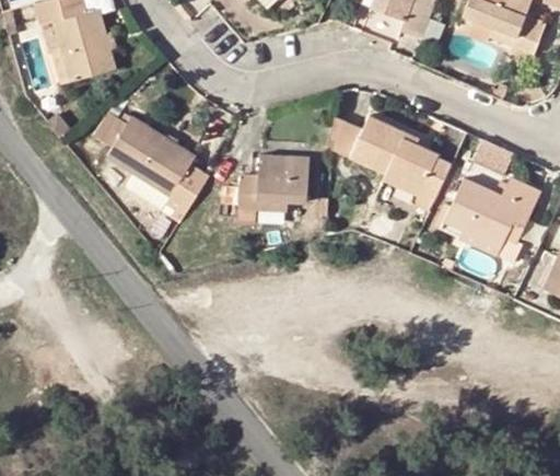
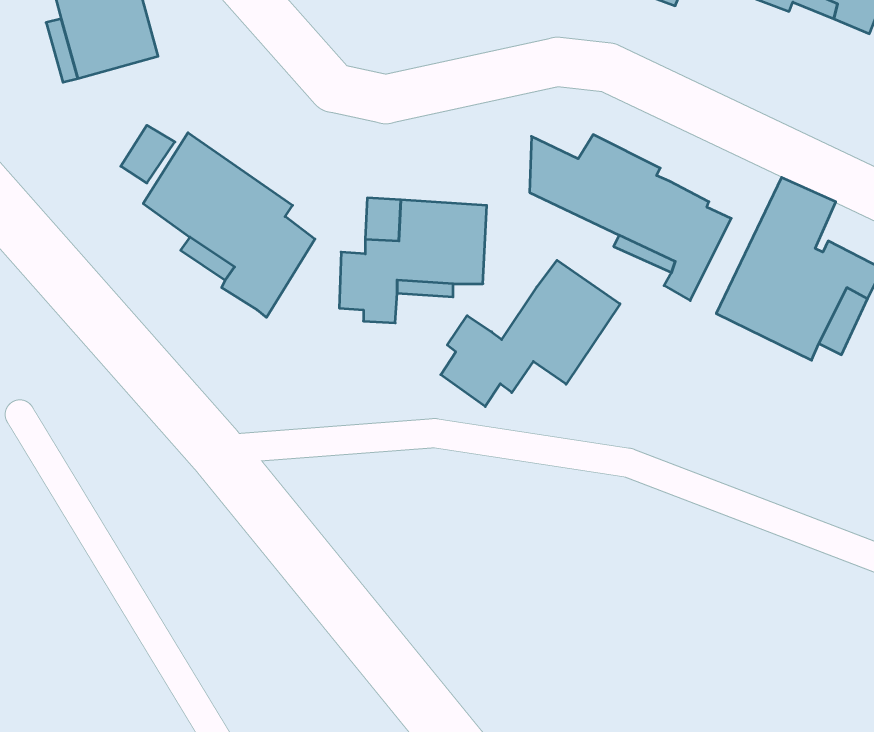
building: none -> [441,260,620,407]

